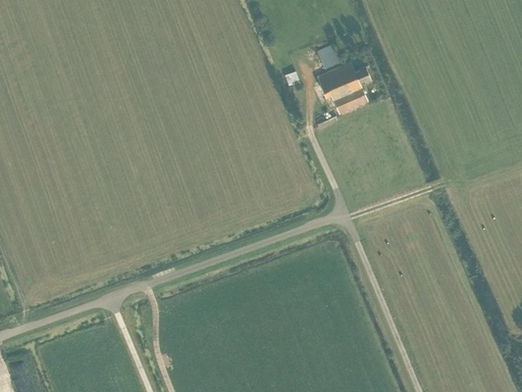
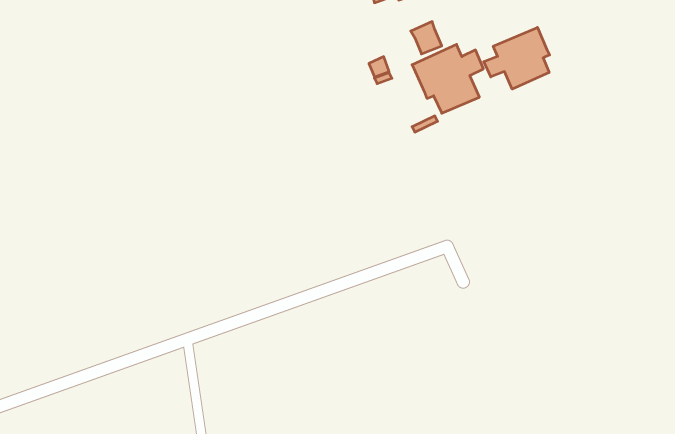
building: none -> [484,27,550,89]

